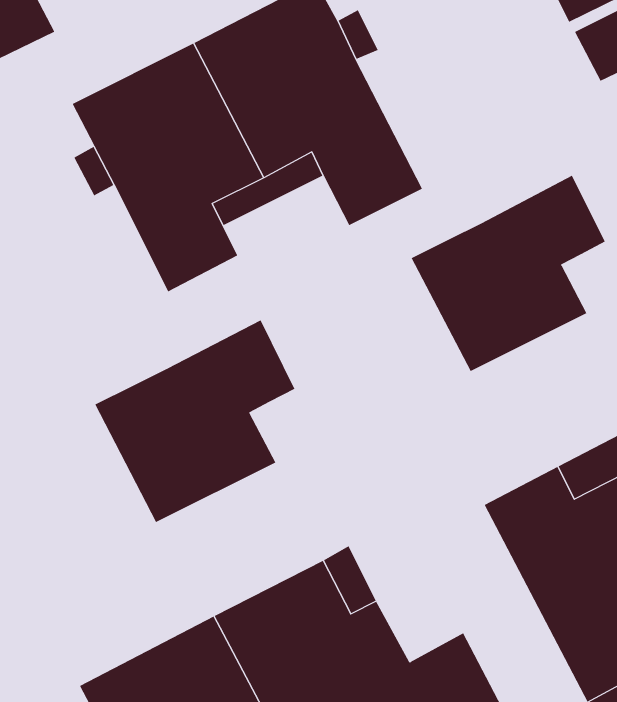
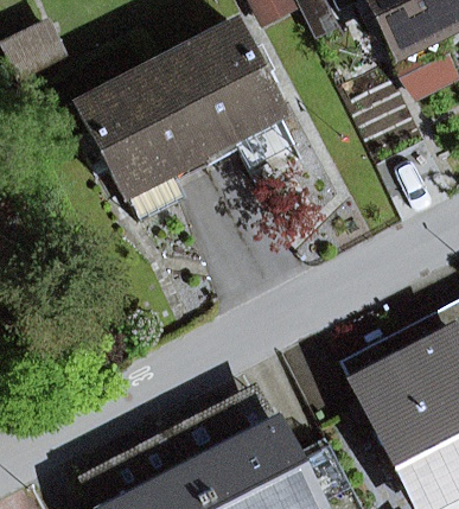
building: [411,175,606,372] -> none
building: [94,319,295,523] -> none

